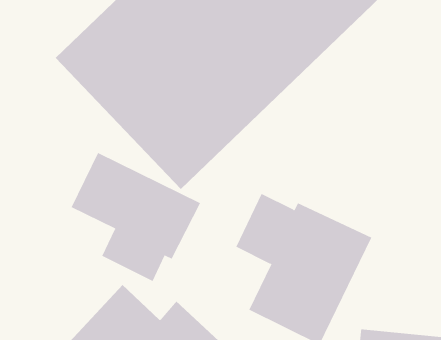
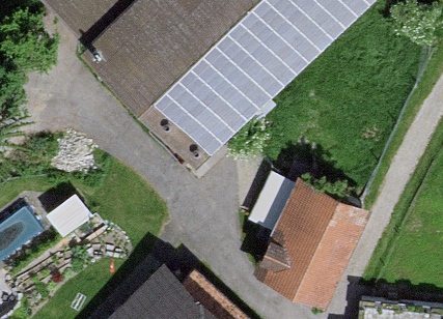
building: [71,152,201,282] -> none

